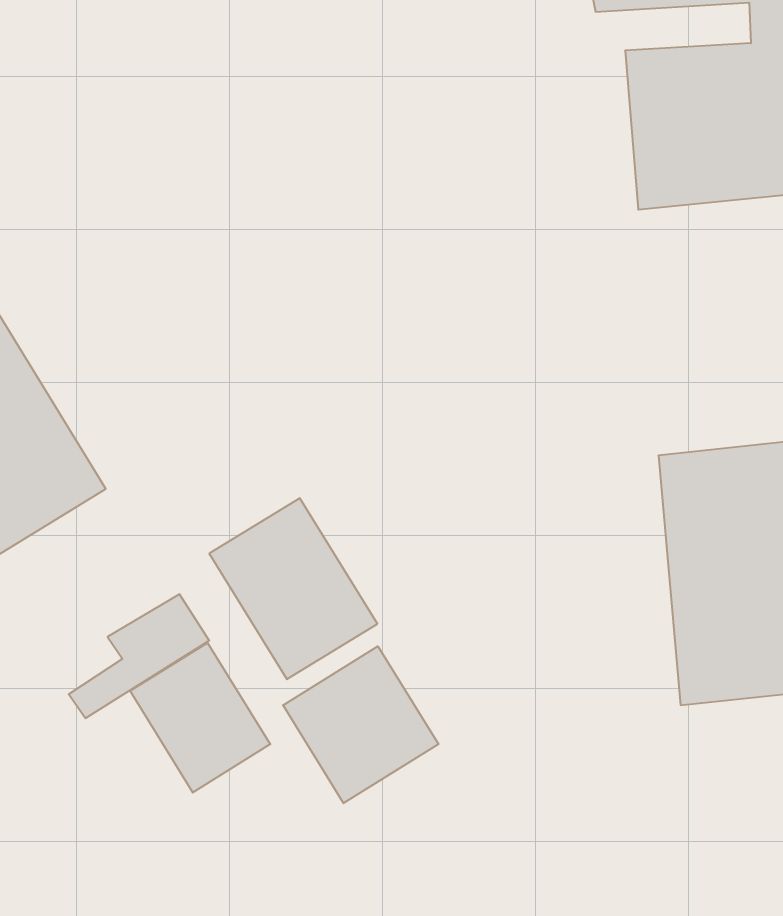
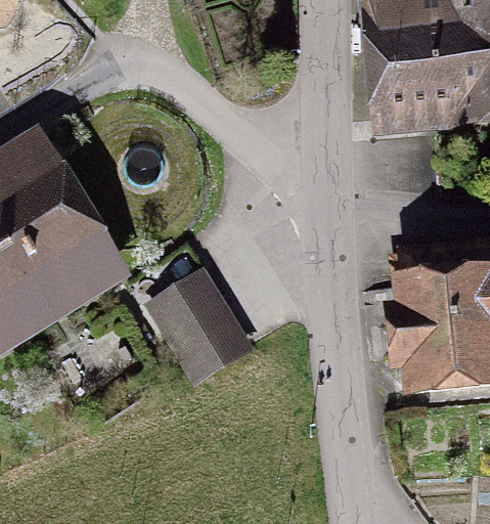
building: [130,643,270,793] -> none
building: [283,646,438,803] -> none

